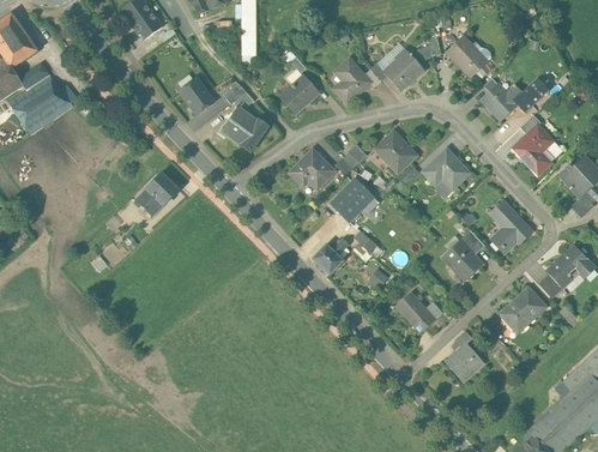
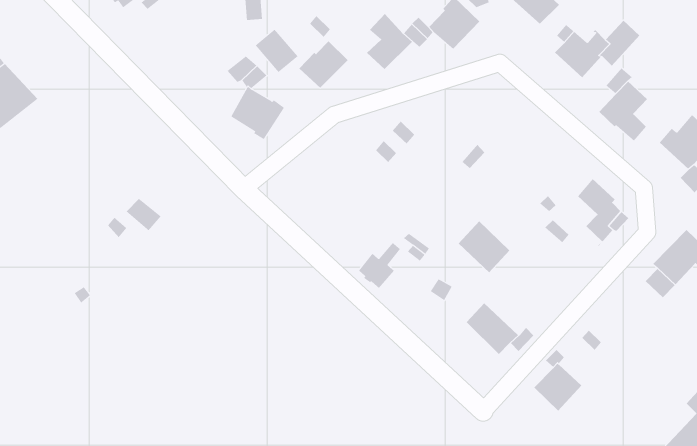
building: [180,78,213,113] -> [255,29,298,73]
building: [374,131,416,173] -> none
building: [422,147,470,188] -> none
building: [290,150,333,187] -> none
building: [146,173,179,204] -> none
building: [332,179,374,219] -> none
building: [442,239,483,281] -> [458,221,510,273]
building: [502,287,544,331] -> none

